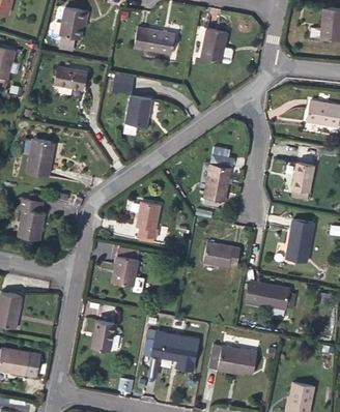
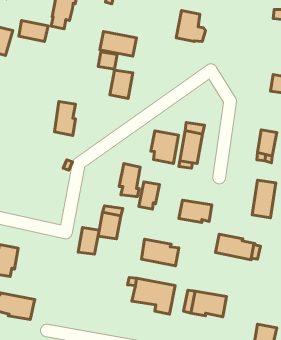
building: [134,27,175,55] -> [100,31,137,56]
building: [54,66,87,90] -> [19,20,48,42]
building: [27,139,51,177] -> [54,101,75,135]
building: none -> [151,131,178,163]
building: [18,198,45,241] -> none
building: none -> [139,182,159,209]
building: none -> [141,239,179,266]
building: [91,320,115,350] -> [78,227,99,254]

